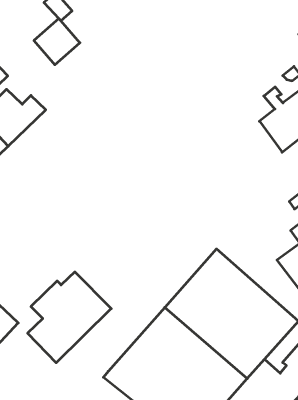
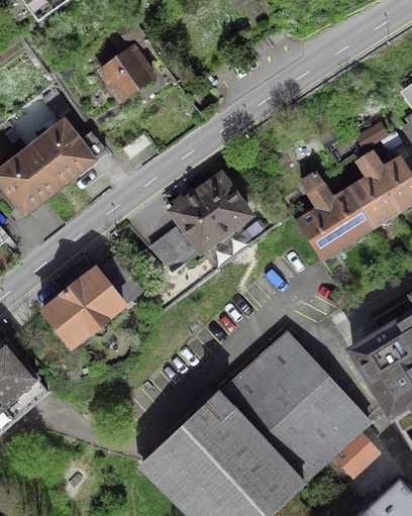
building: none -> [286,173,372,260]
building: none -> [131,177,249,272]
building: [28,272,111,363] -> [43,245,142,347]

